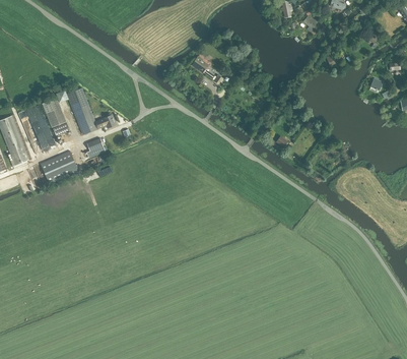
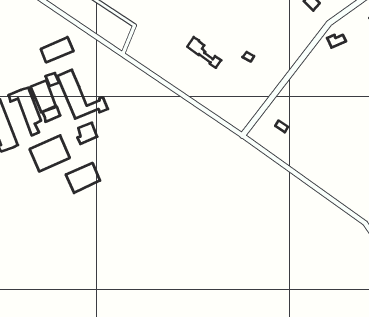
building: none -> [41,37,73,62]
building: none -> [66,163,100,193]

